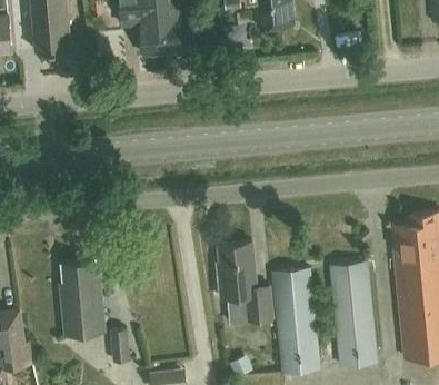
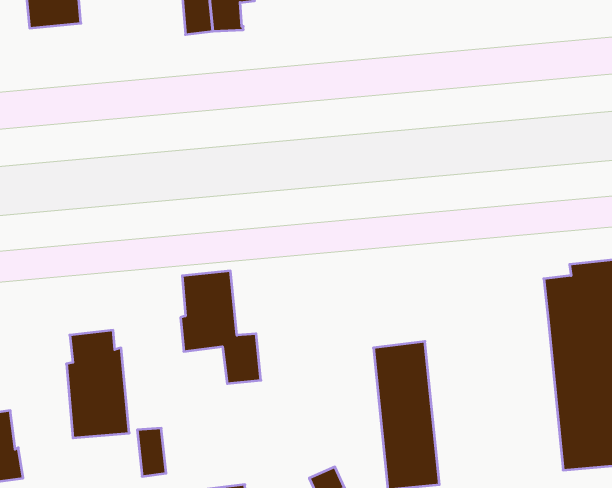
building: [217,243,272,320] -> [181,271,261,384]
building: [329,263,376,364] -> none

